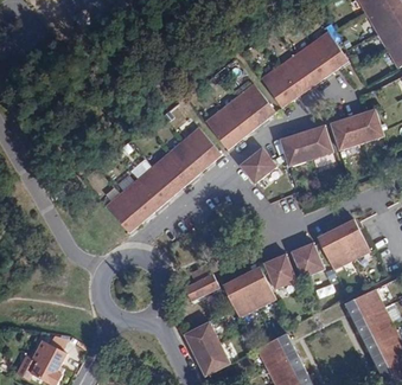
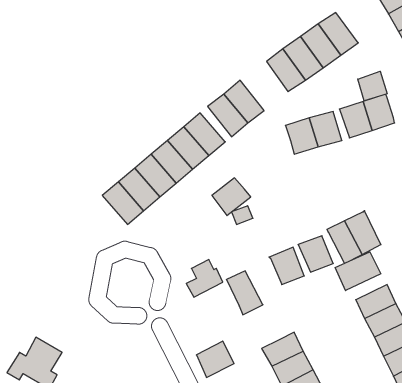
building: [236,84,274,124] -> none
building: none -> [358,71,387,101]
building: [240,148,276,184] -> [212,178,251,216]
building: none -> [335,252,381,291]
building: [241,267,275,308] -> none
building: [184,322,219,355] -> none

